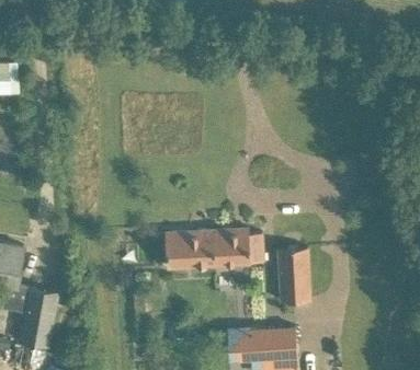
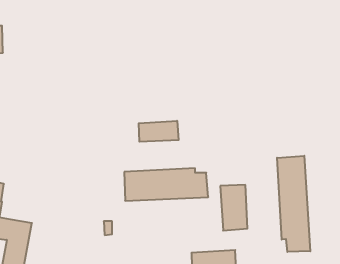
building: none -> [139,121,179,142]
building: none -> [277,156,310,252]

